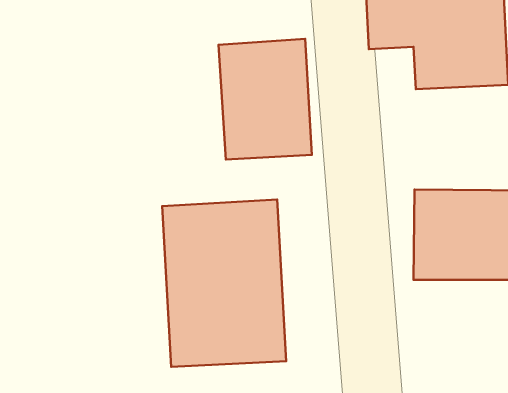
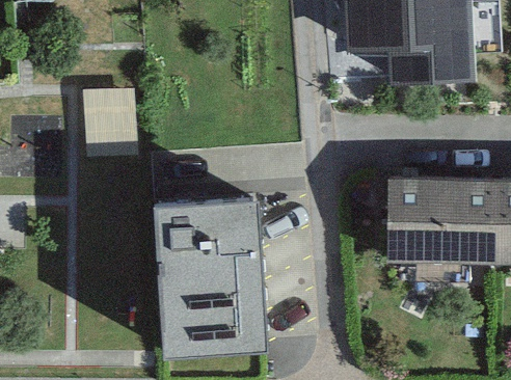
building: [218,39,312,159] -> none
building: none -> [90,94,141,163]

